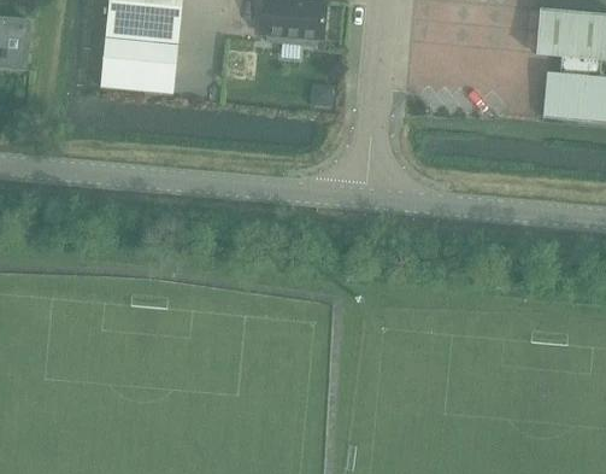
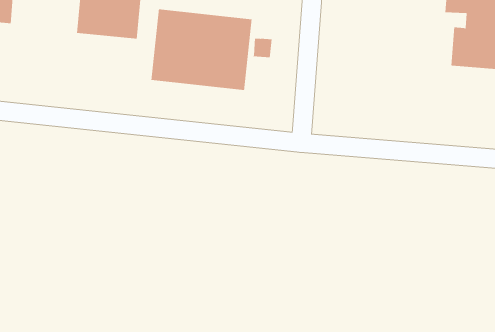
building: none -> [151,8,252,91]

